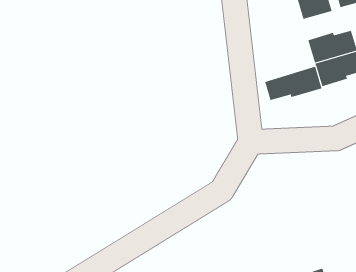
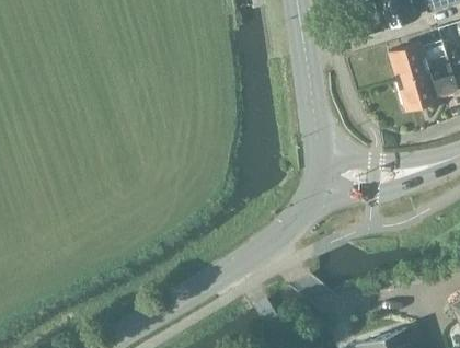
building: [265,66,322,101] -> none

